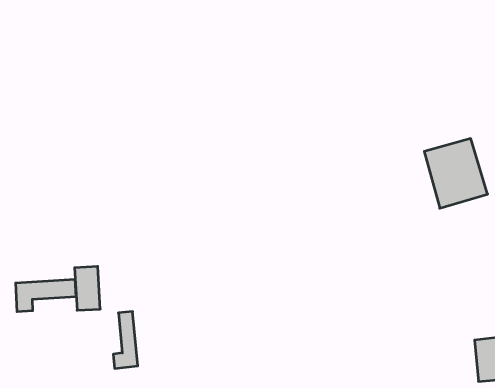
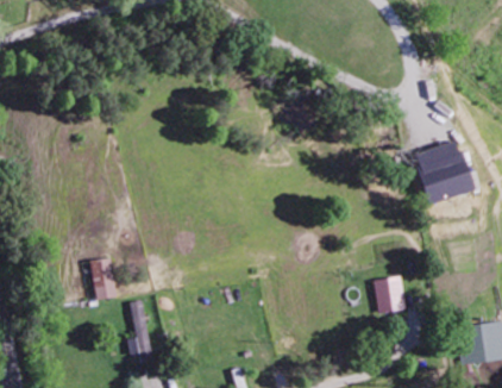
building: [16,279,76,312] -> none
building: none -> [375,276,407,313]

